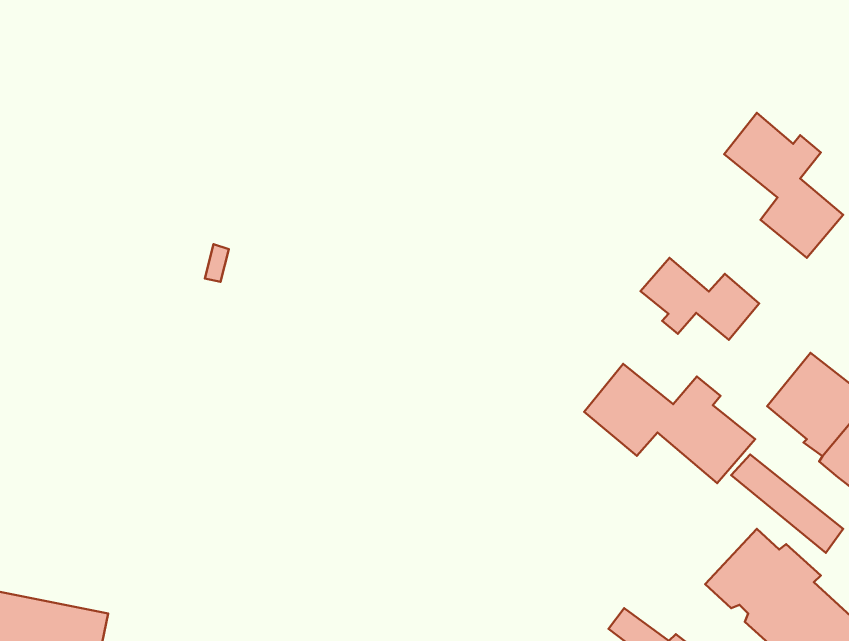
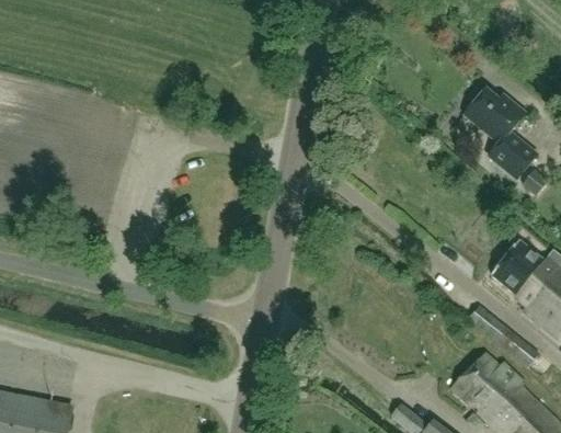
building: [640,258,759,340] -> none
building: [584,364,755,483] -> none

